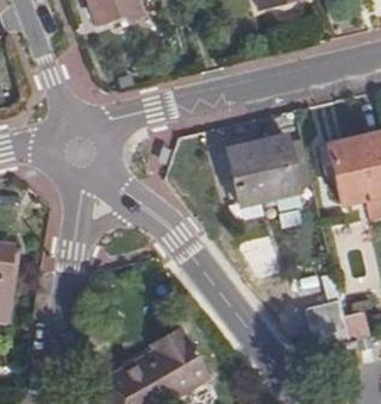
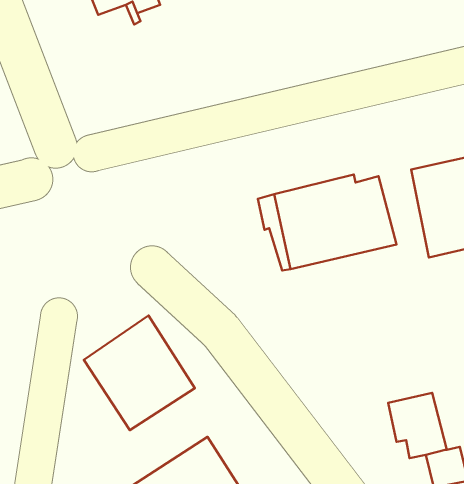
building: none -> [84,316,195,430]

